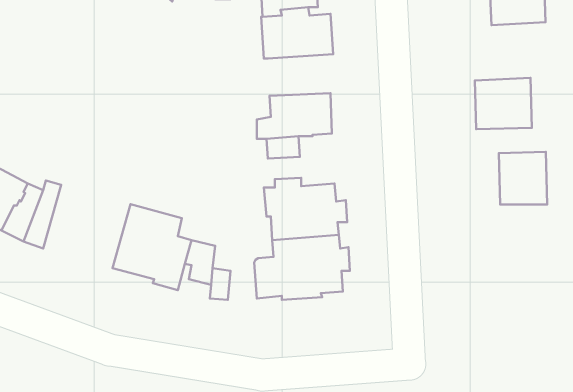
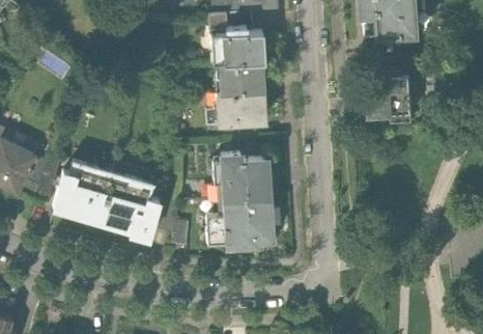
building: none -> [216,61,265,92]
building: [499,152,547,204] -> none
building: none -> [54,163,113,221]

